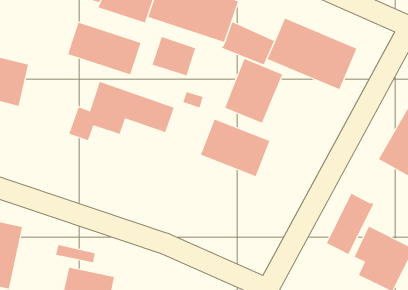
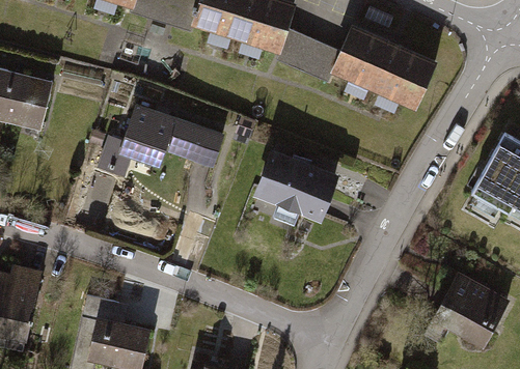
building: [67,22,141,75] -> none
building: [152,36,196,76] -> none
building: [225,58,283,123] -> none
building: [326,193,374,255] -> none

